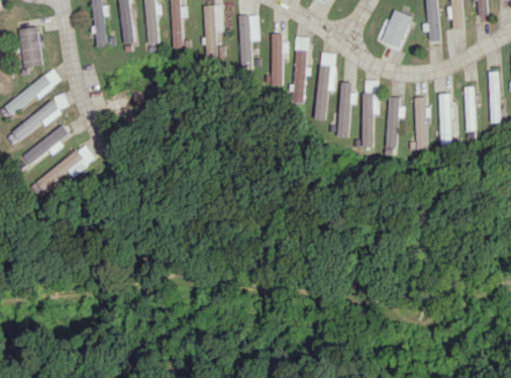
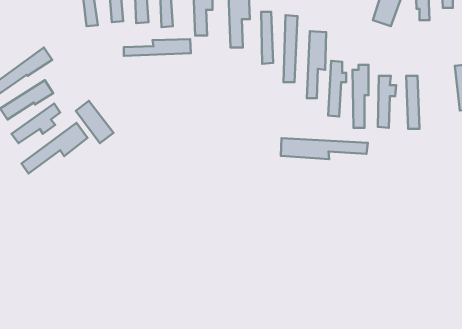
building: [18,26,44,68] -> none
building: none -> [124,39,191,56]
building: [440,94,455,145] -> none
building: none -> [76,101,114,143]
building: none -> [281,138,368,159]

